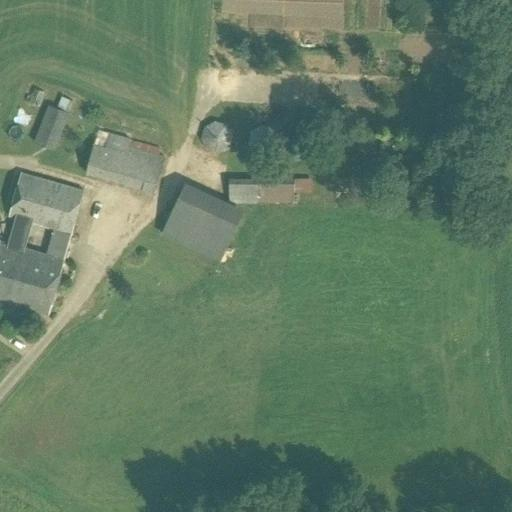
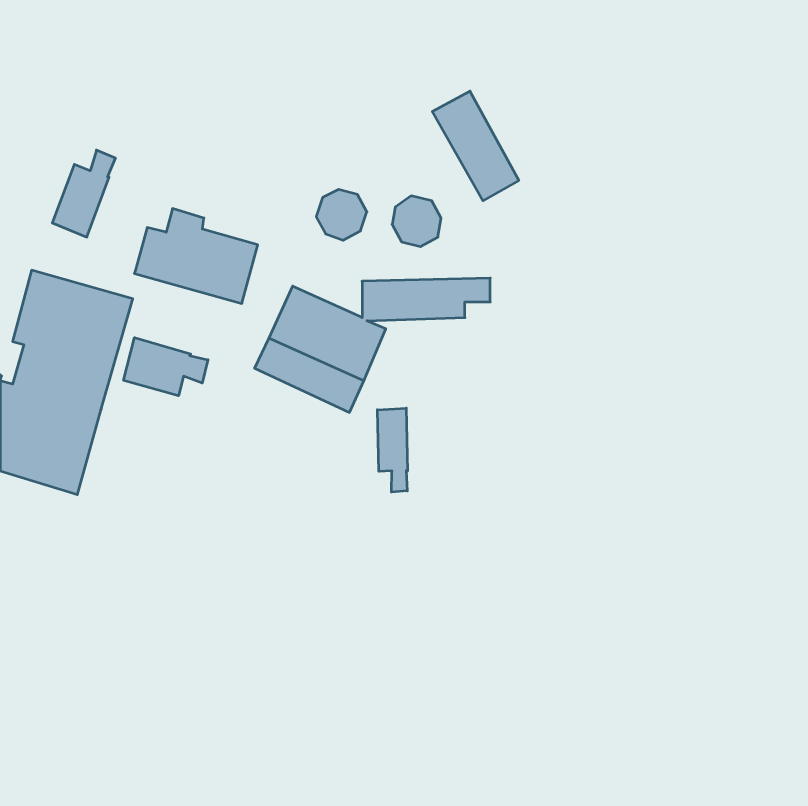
building: none -> [432,91,519,201]
building: none -> [124,338,208,396]
building: none -> [377,408,407,492]

